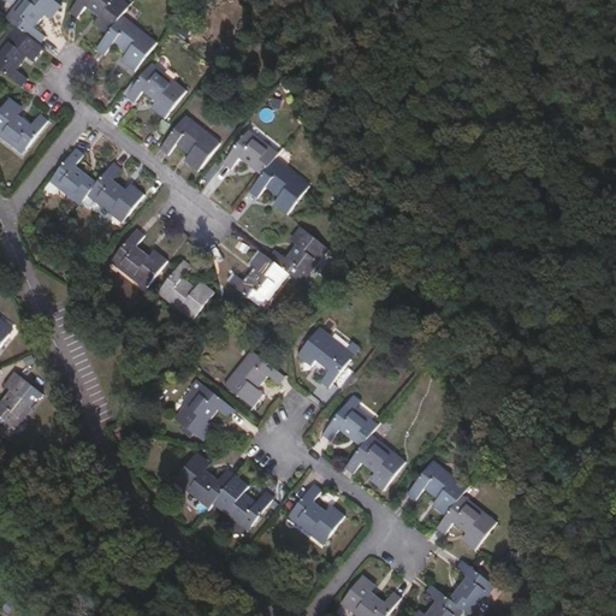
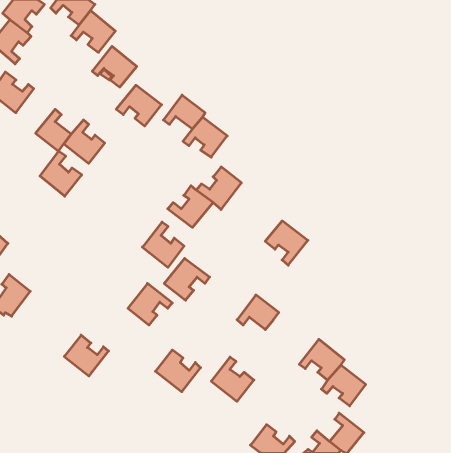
building: [109,227,166,289] -> [40,151,82,196]
building: [156,259,213,320] -> [142,222,184,267]
building: [296,327,354,387] -> [265,221,308,265]
building: [344,433,404,488] -> none
building: [173,452,233,508] -> [64,335,109,376]

